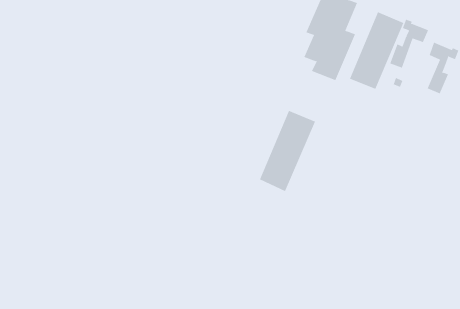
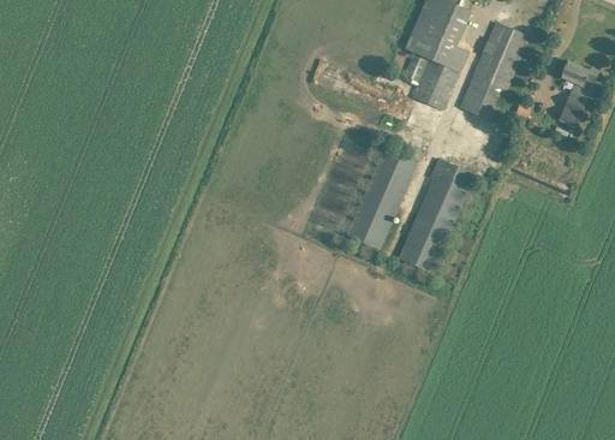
building: [389,19,429,69] -> none
building: none -> [398,157,476,272]

